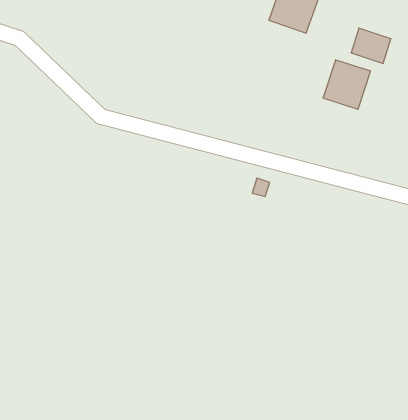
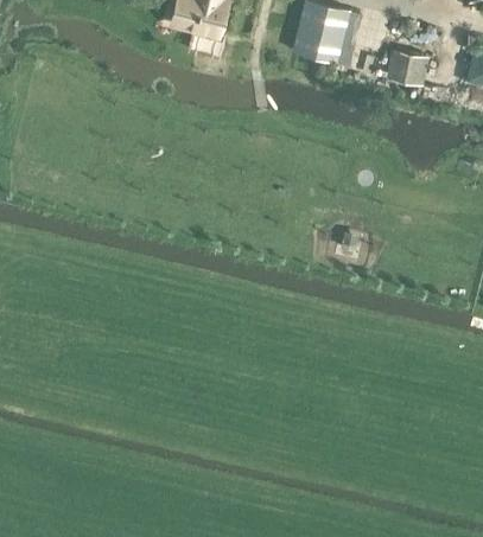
building: [323,60,371,109] -> none

